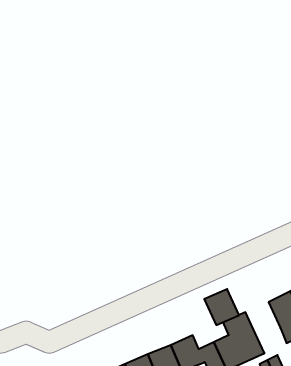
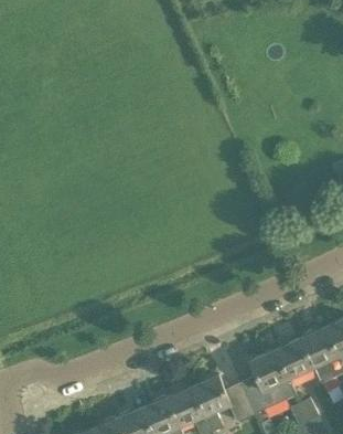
building: [204,289,239,325] -> [276,339,314,379]

